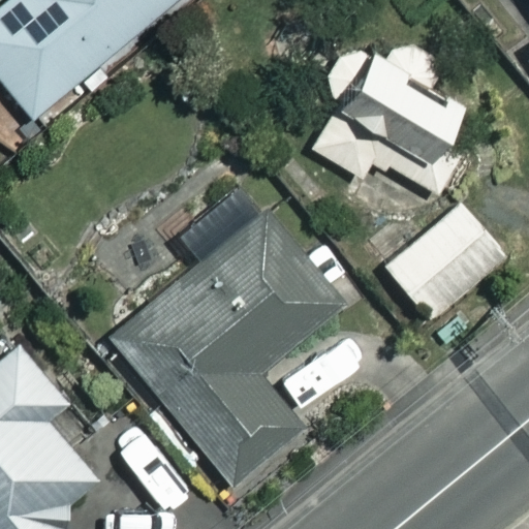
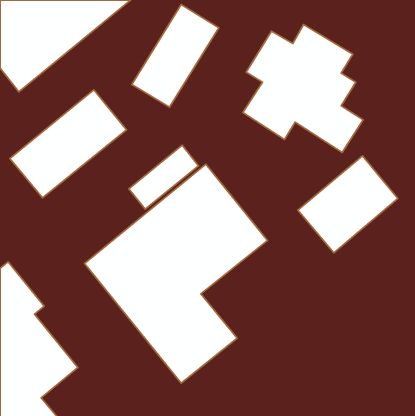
building: none -> [132,5,219,107]
building: none -> [10,90,126,198]

